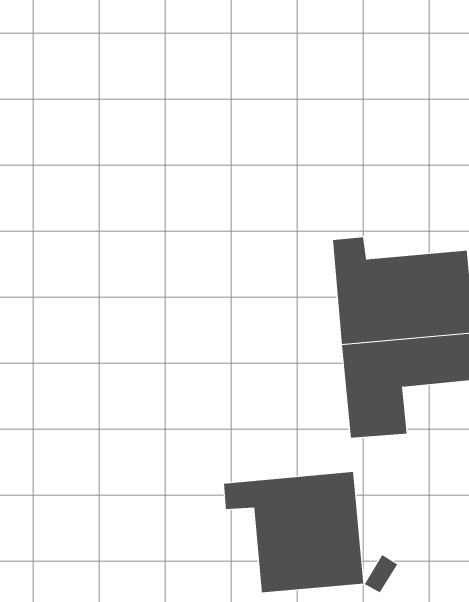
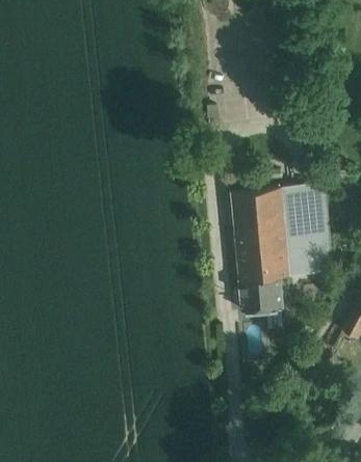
building: [223,471,364,593] -> none

